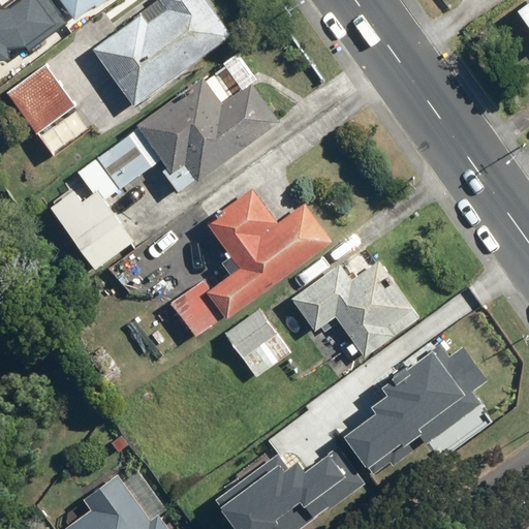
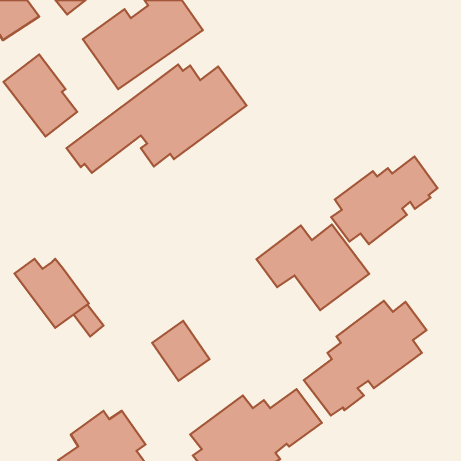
building: none -> [331,157,438,244]
building: [169,189,330,341] -> none
building: [50,190,134,269] -> [14,259,89,328]
building: [225,310,290,378] -> [152,321,210,381]

